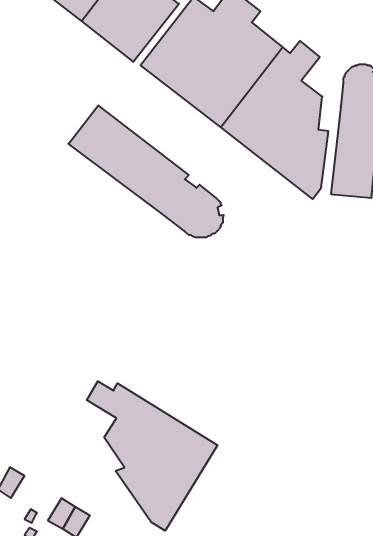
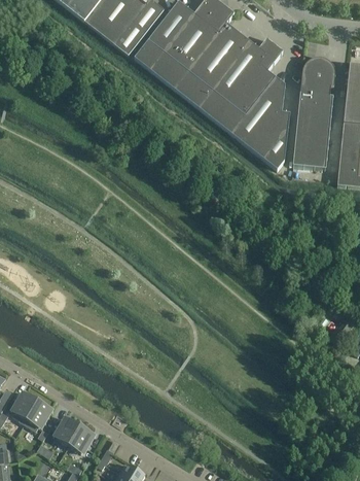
building: [68,105,224,237] -> none
building: [87,381,217,531] -> none
building: none -> [23,400,49,431]

